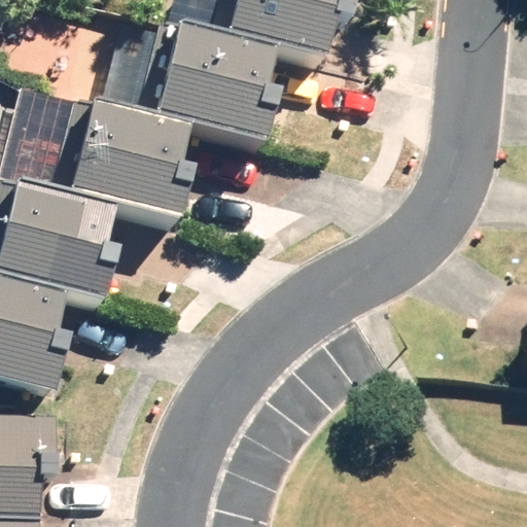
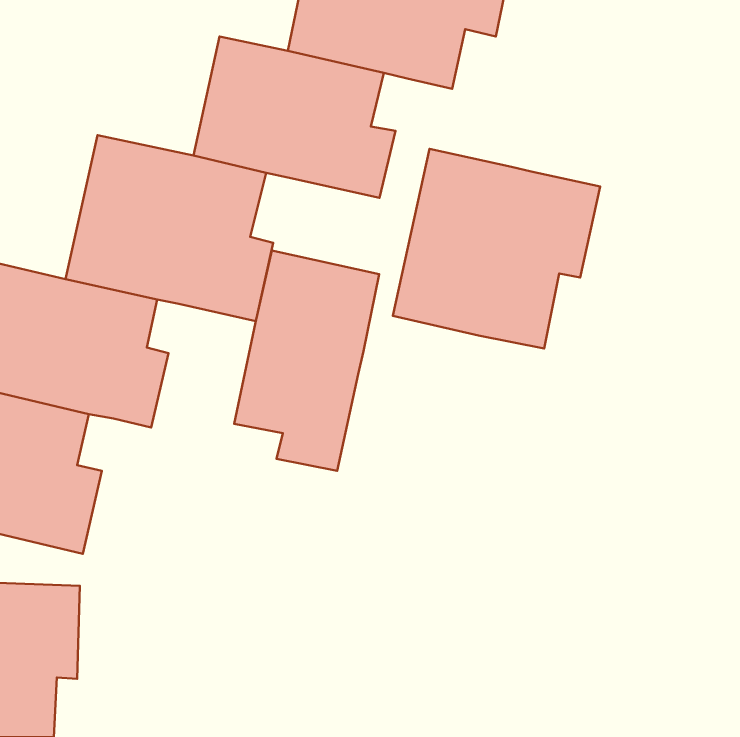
building: none -> [393,149,600,349]
building: none -> [234,251,379,471]

